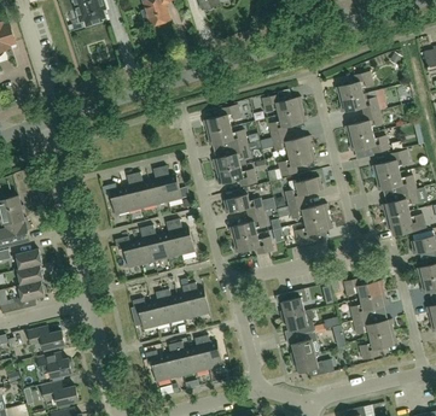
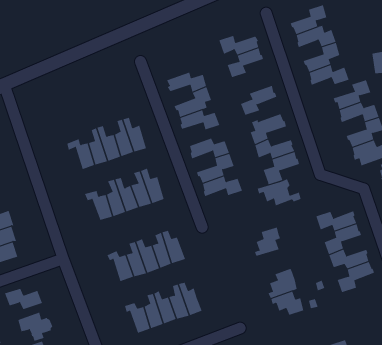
building: [202,104,240,133] -> none
building: [272,133,312,153] -> none
building: [280,309,324,335] -> [257,178,301,206]

